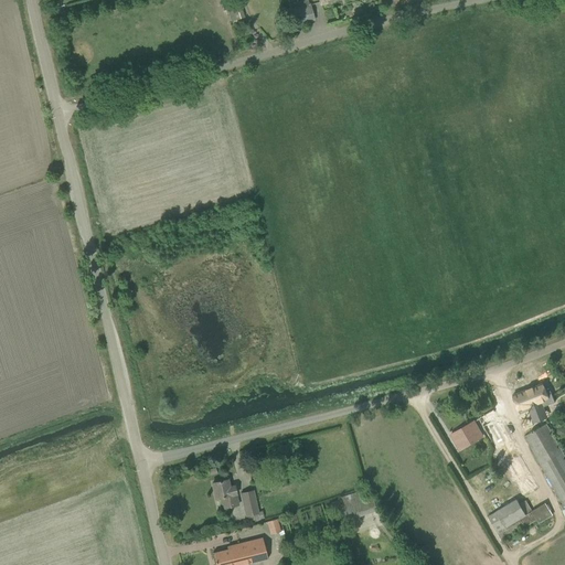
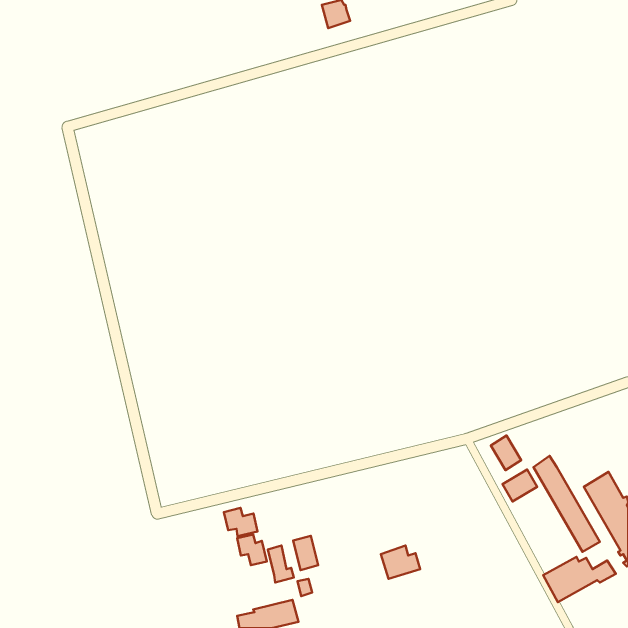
building: [513,383,548,414] -> none
building: none -> [491,436,521,470]
building: none -> [224,508,258,536]
building: none -> [293,536,318,570]

